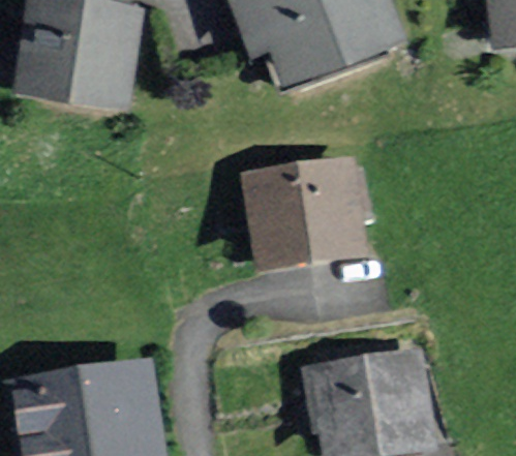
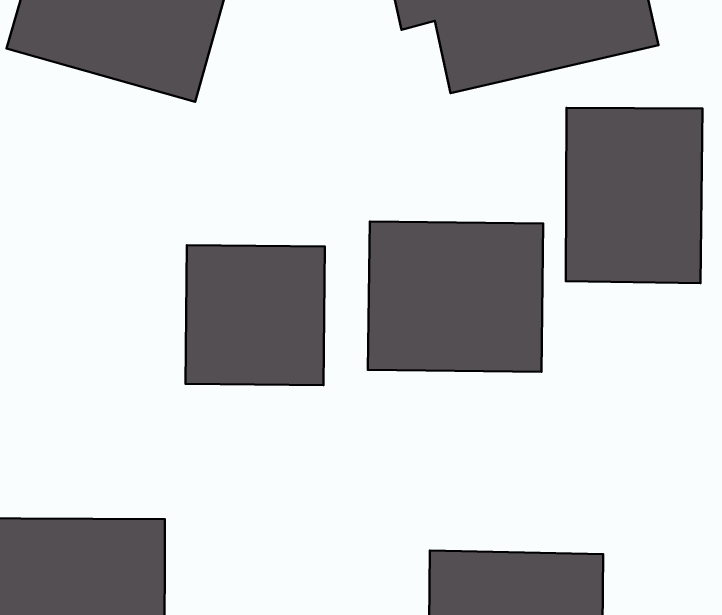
building: none -> [566,108,703,283]
building: none -> [185,245,325,385]

